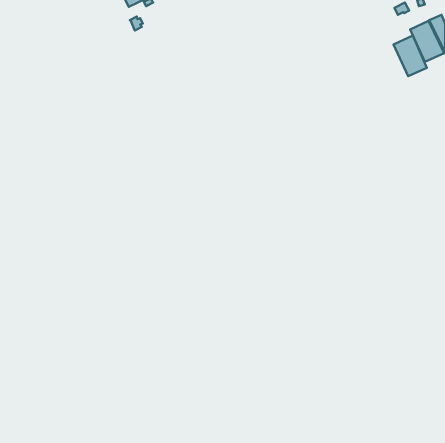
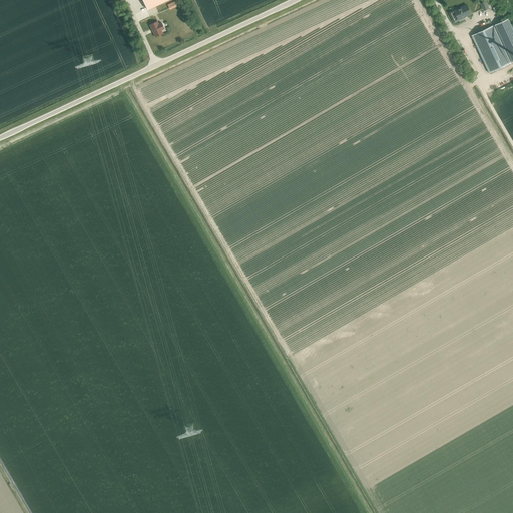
building: [393,36,427,76] -> none

